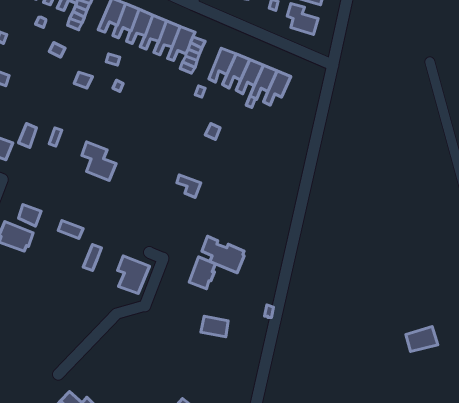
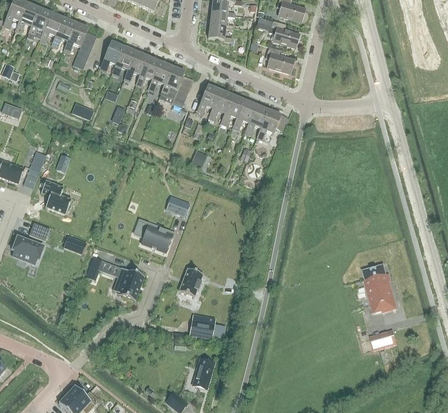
building: none -> [256,109,288,139]
building: [82,142,116,181] -> [41,179,71,213]
building: [202,236,244,273] -> [134,219,171,251]
building: none -> [362,263,396,311]
building: none -> [192,357,213,387]

